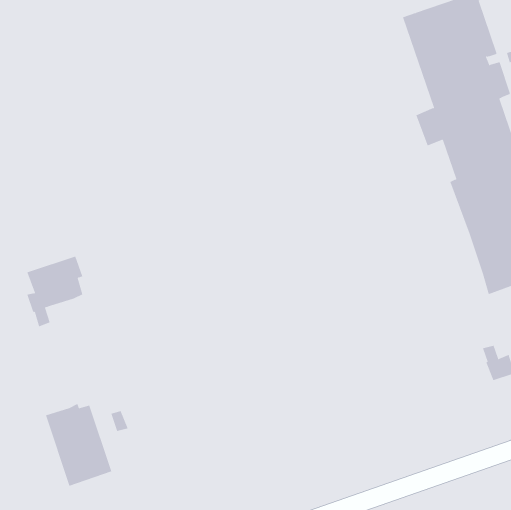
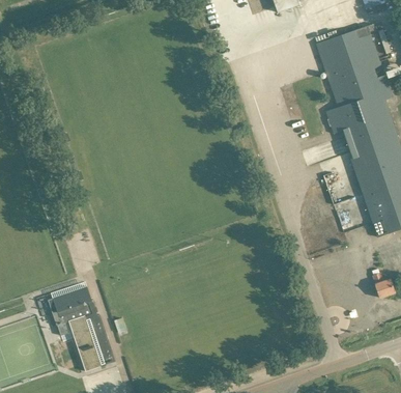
building: [27,256,83,327] -> [52,286,91,336]

